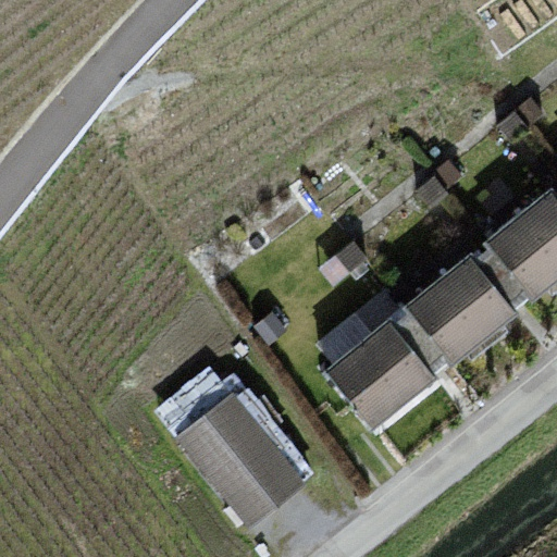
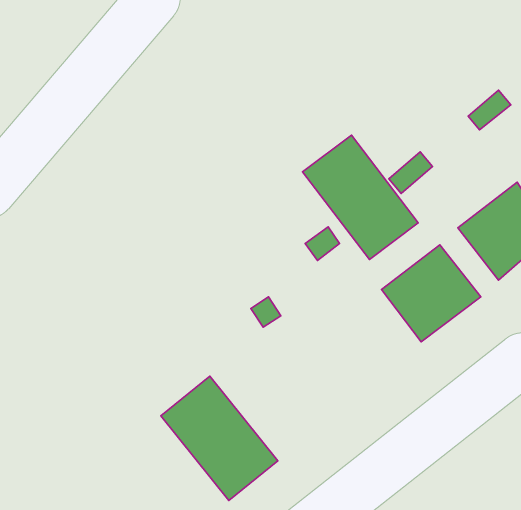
building: none -> [303,135,418,260]
building: [329,321,432,422] -> none

